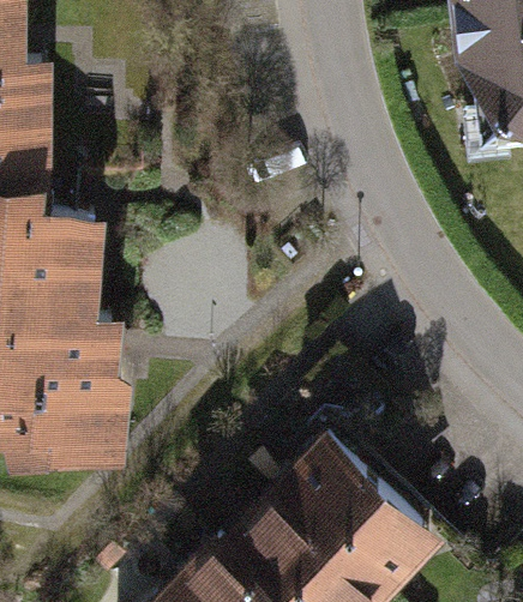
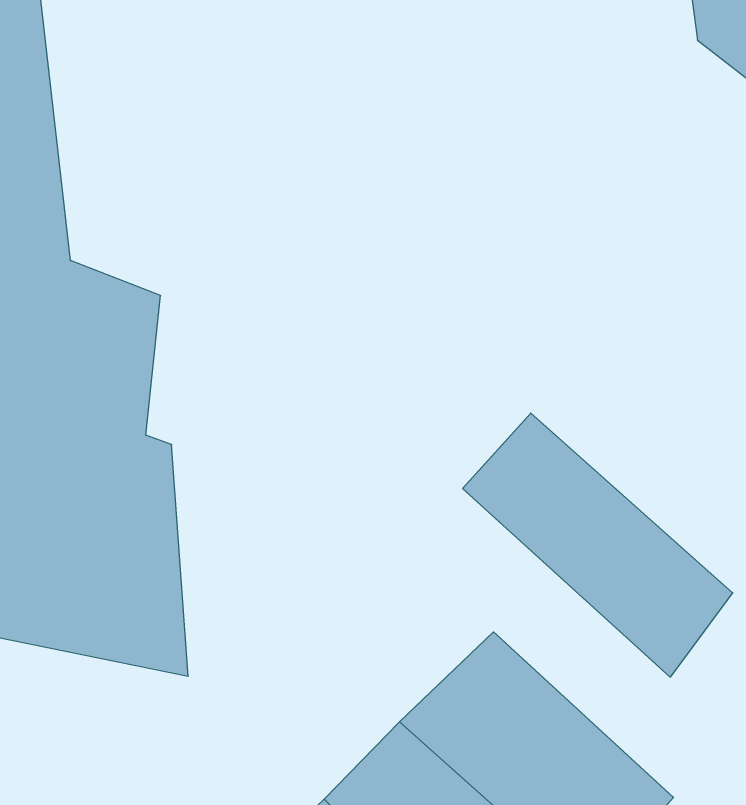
building: none -> [463,413,733,677]

